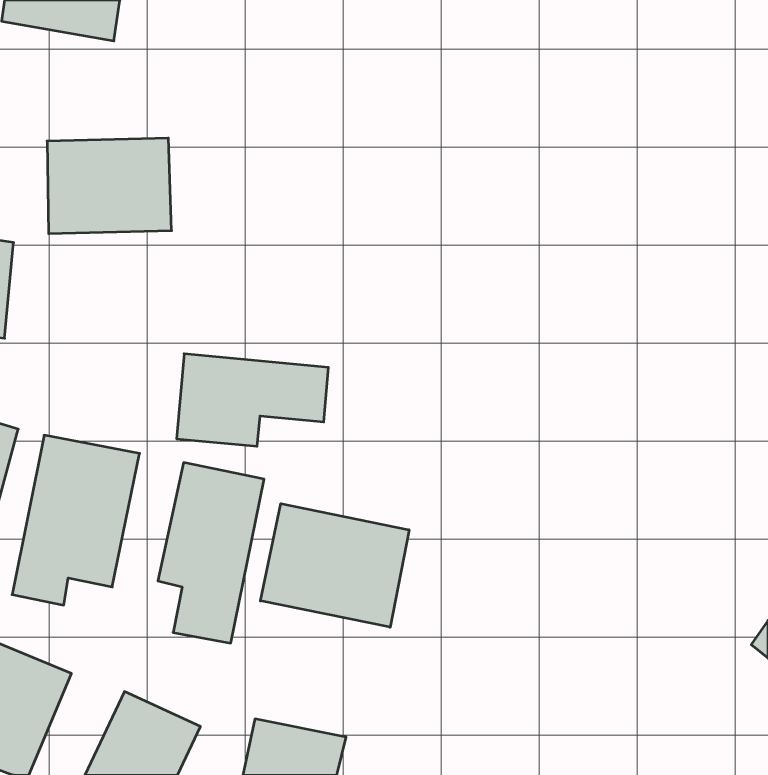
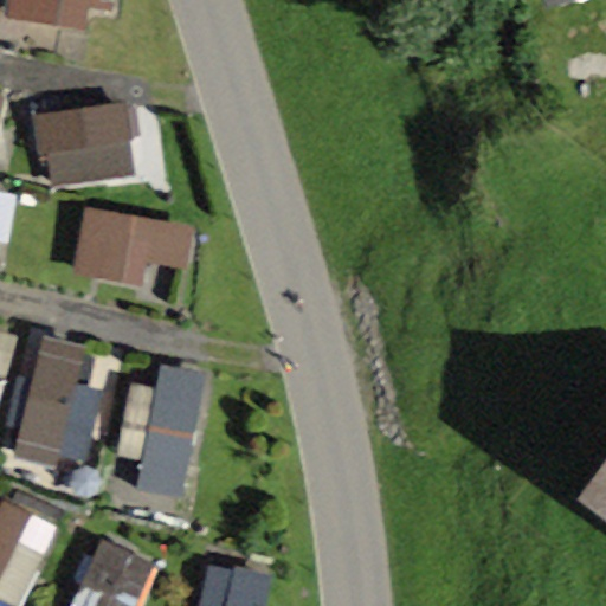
building: [177,354,328,446] -> [72,211,191,283]
building: [260,504,409,627] -> none

